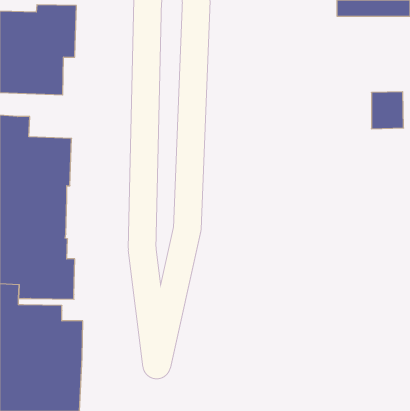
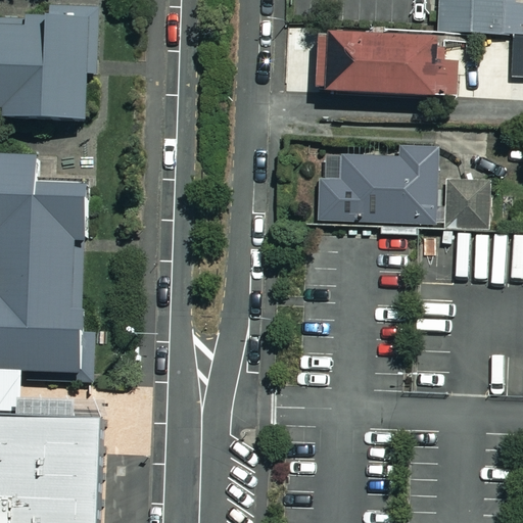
building: none -> [304,34,427,93]
building: [371,92,404,129] -> [446,183,487,230]
building: none -> [318,143,436,225]

